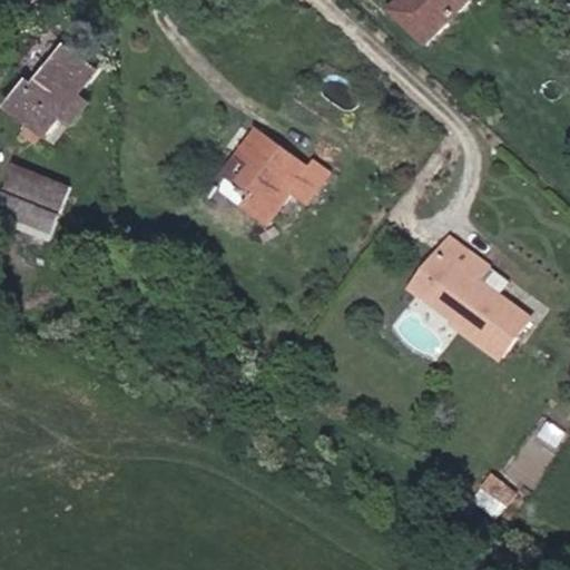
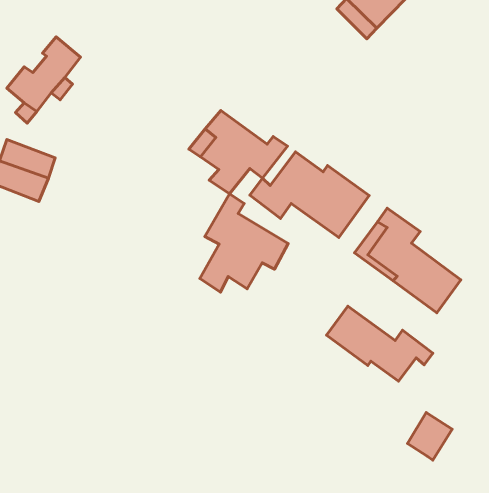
building: none -> [250,152,369,237]
building: none -> [200,194,288,292]
building: none -> [327,306,433,381]

